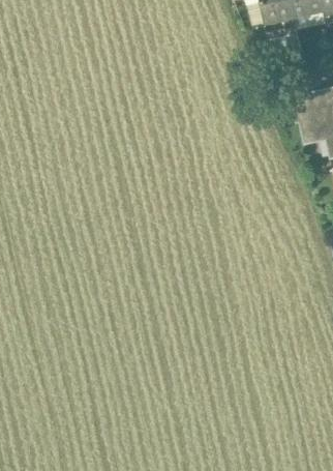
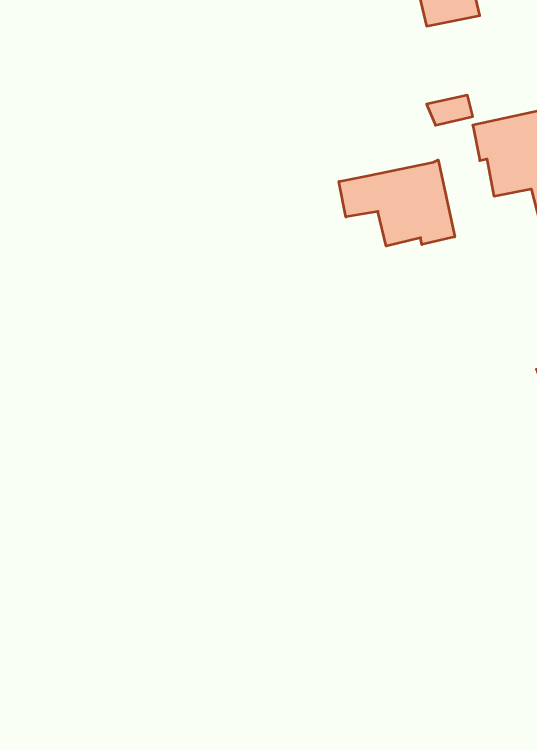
building: none -> [339,160,455,246]

